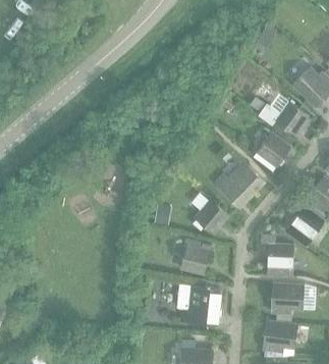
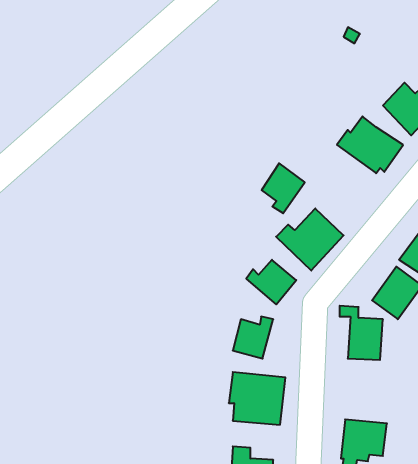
building: [258,132,290,169] -> [262,163,305,213]
building: [271,282,304,320] -> none

